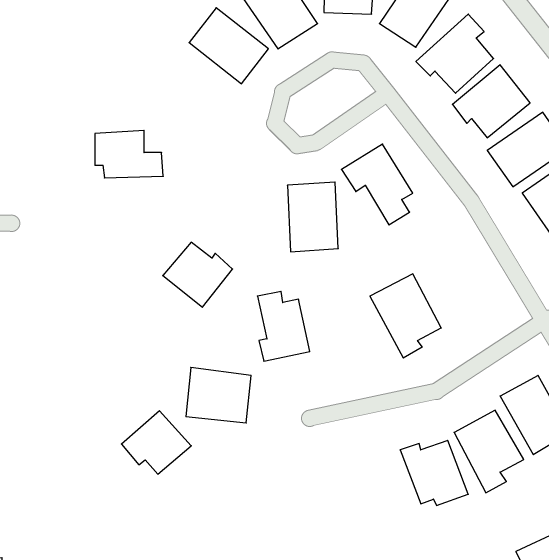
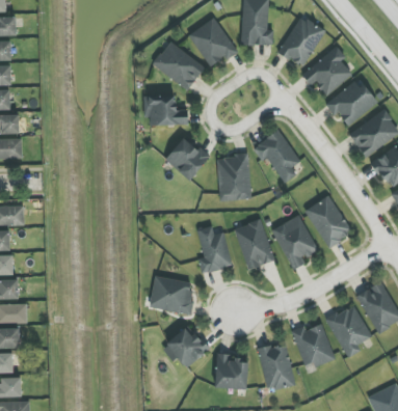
building: [95,130,163,178] -> [143,94,188,126]
building: [163,242,233,307] -> [164,138,210,181]
building: none -> [304,194,352,247]
building: none -> [234,219,274,270]
building: [121,411,191,474] -> [162,326,208,367]
building: none -> [259,344,295,390]
building: none -> [215,353,247,388]

